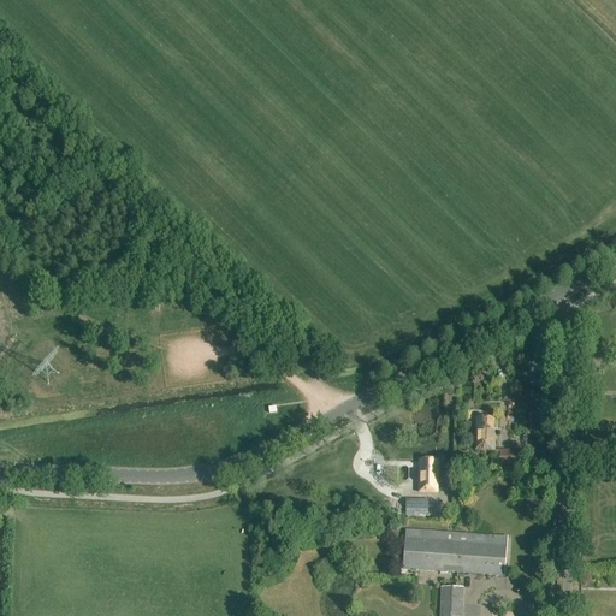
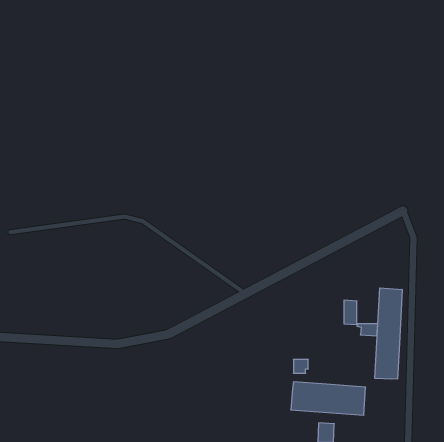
building: none -> [375,288,402,379]
building: [417,457,436,490] -> none

